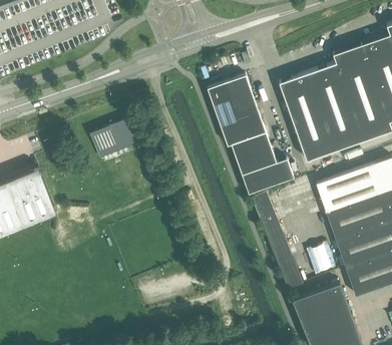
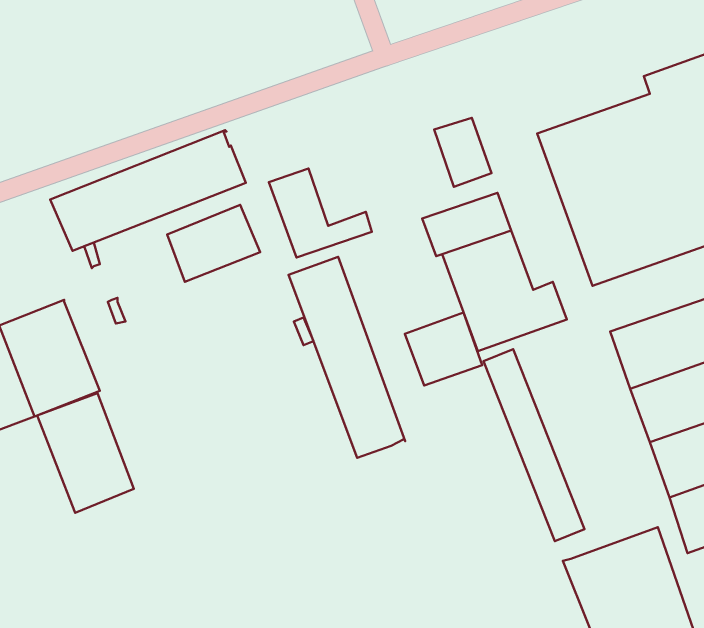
building: [207,81,259,126] -> [269,168,372,257]
building: none -> [50,130,246,251]
building: none -> [289,257,405,458]
building: none -> [405,312,482,385]
building: none -> [37,393,134,513]

